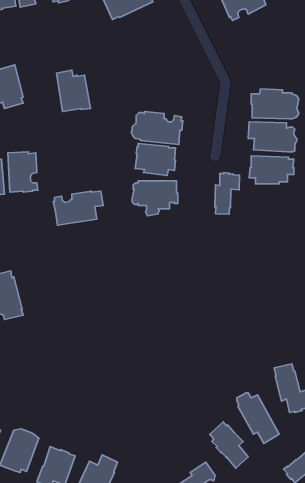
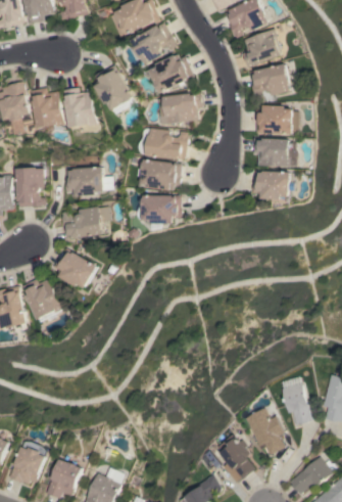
building: none -> [129,22,175,64]
building: none -> [242,29,284,69]
building: none -> [148,54,193,93]
building: none -> [250,64,292,99]
building: none -> [93,65,136,113]
building: none -> [31,87,64,132]
building: none -> [157,92,202,125]
building: none -> [64,167,112,196]
building: [215,173,239,214] -> none
building: none -> [55,248,99,288]
building: none -> [23,278,65,323]

